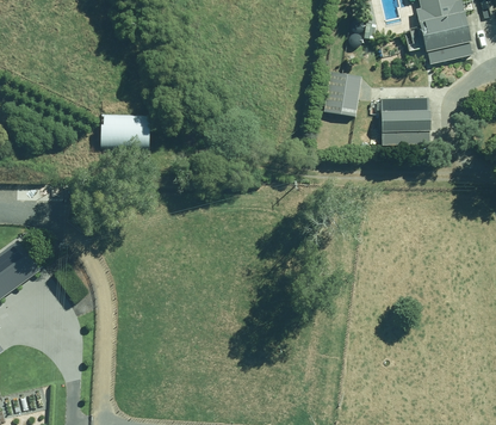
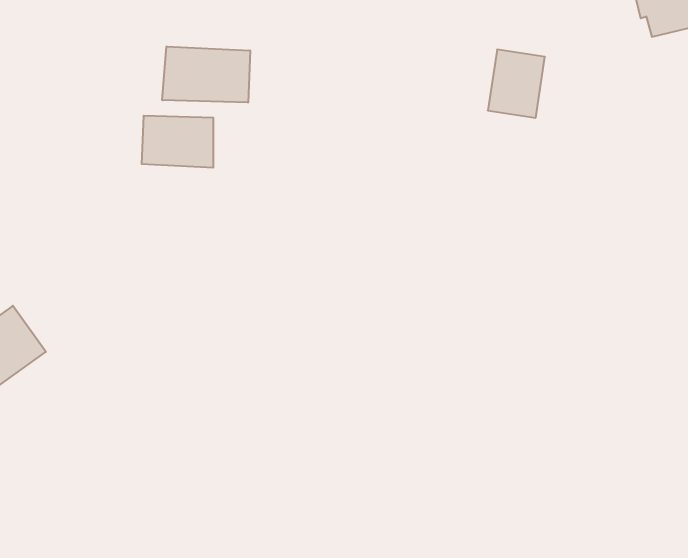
building: none -> [162,46,250,103]
building: [382,98,429,146] -> none

